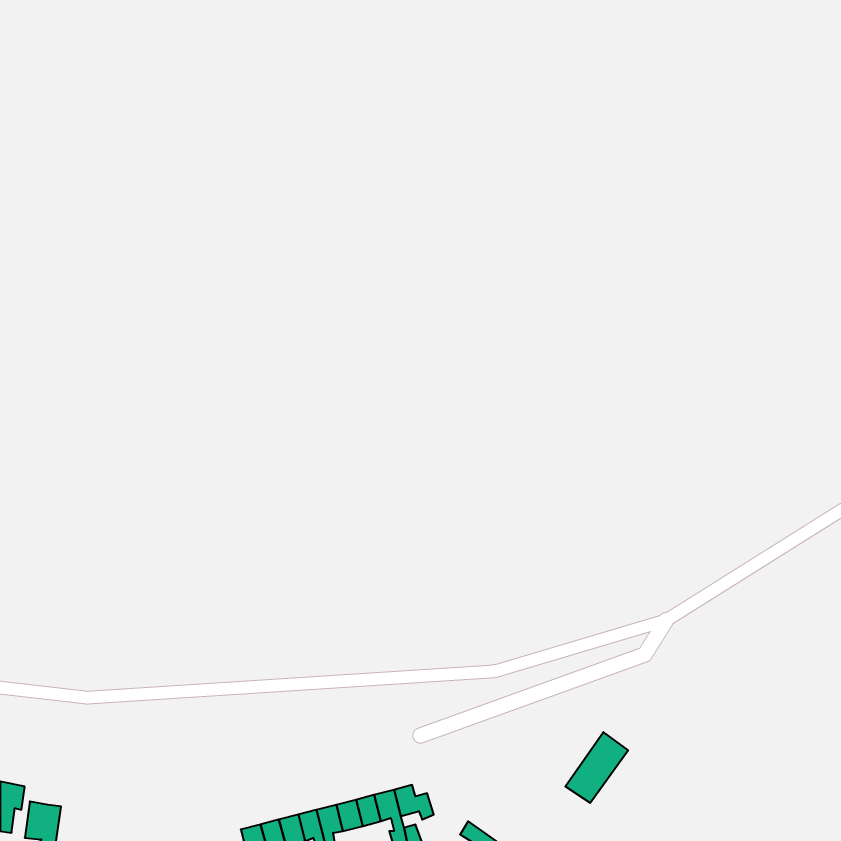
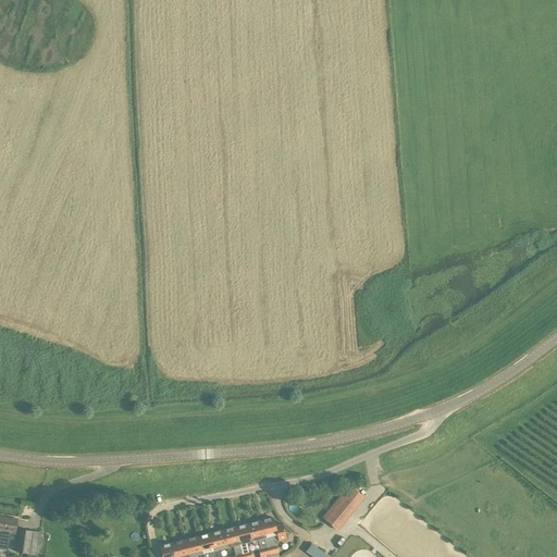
building: [565,732,628,803] -> [322,484,363,531]

